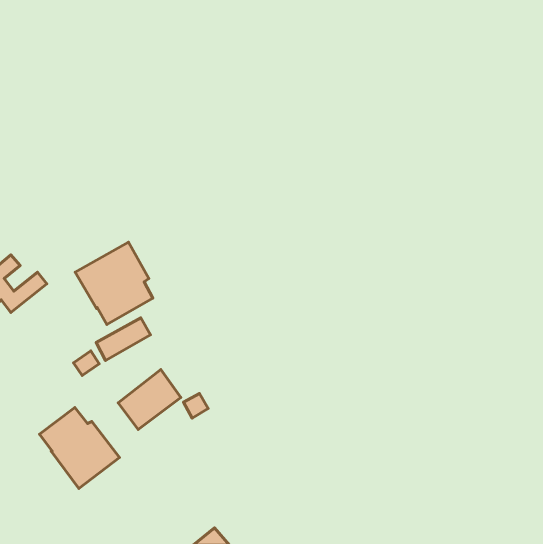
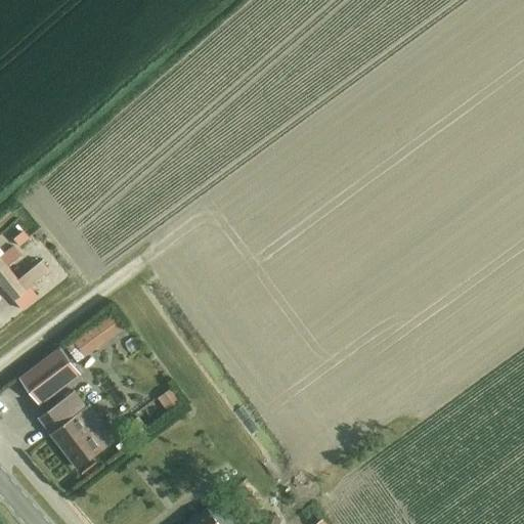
building: [75,242,153,324] -> none
building: [118,370,181,429] -> [18,348,79,405]

